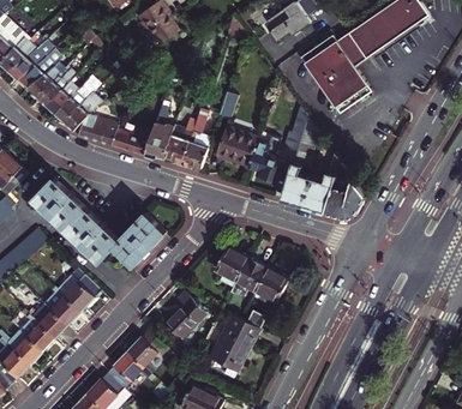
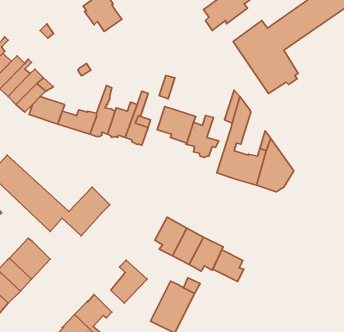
building: none -> [213,250,244,281]

